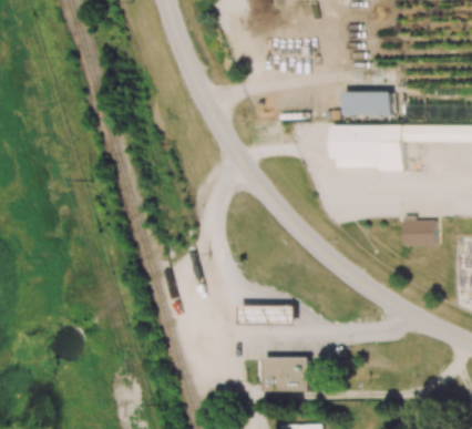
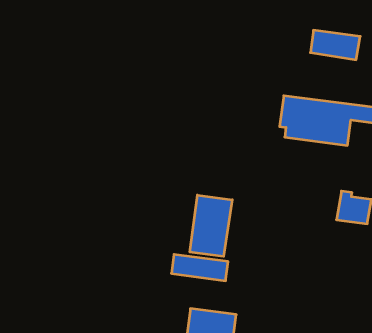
building: [342,91,391,115] -> [310,30,360,60]
building: none -> [190,195,232,256]

